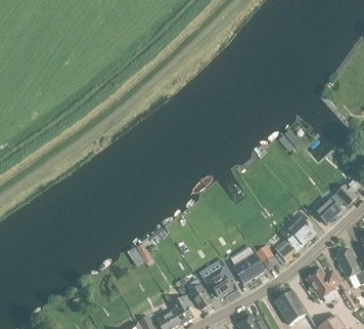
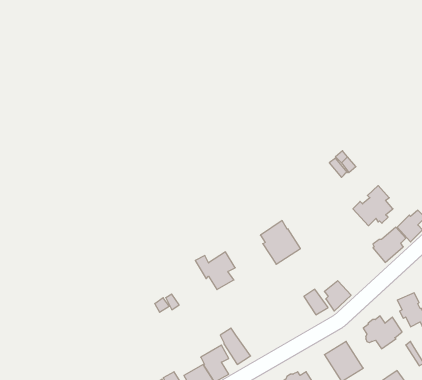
building: [281,214,315,248] -> [353,186,393,226]
building: [230,246,264,283] -> [260,221,300,264]
building: [199,264,233,296] -> [195,252,235,290]

